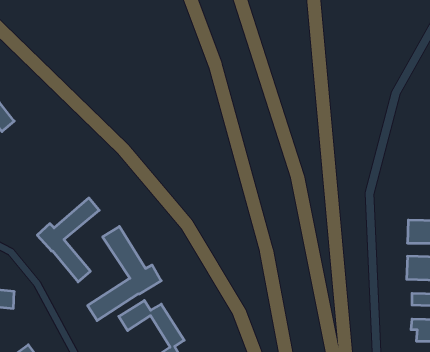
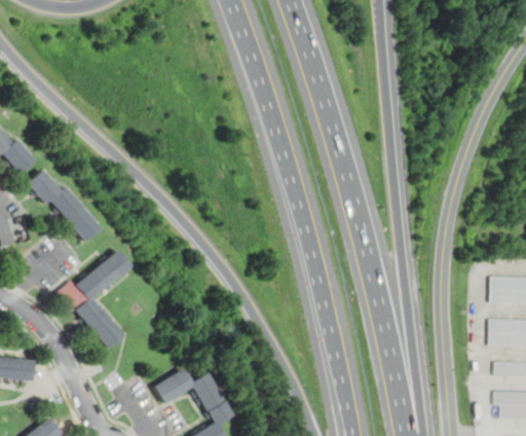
building: none -> [28,170,101,242]
building: [88,226,161,321] -> none

